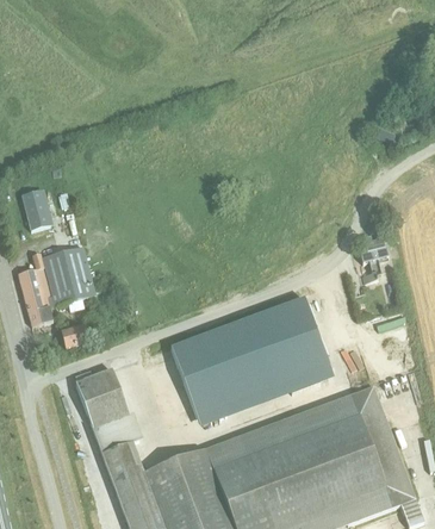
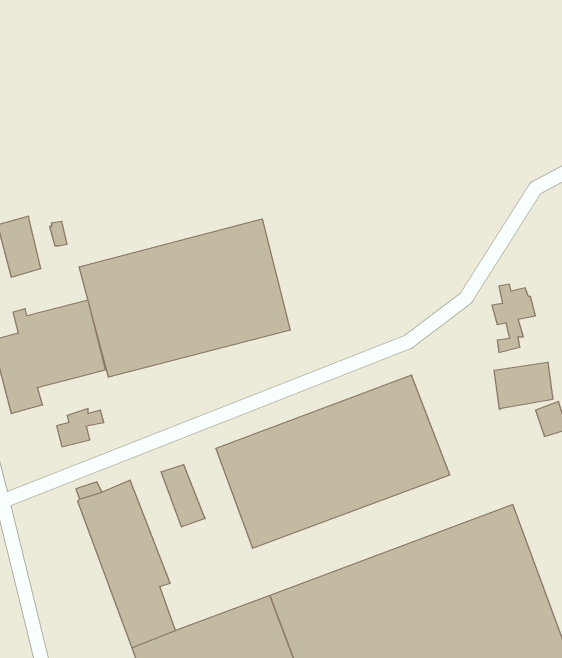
building: none -> [79,219,290,377]
building: none -> [494,362,553,409]
building: none -> [161,464,205,527]

